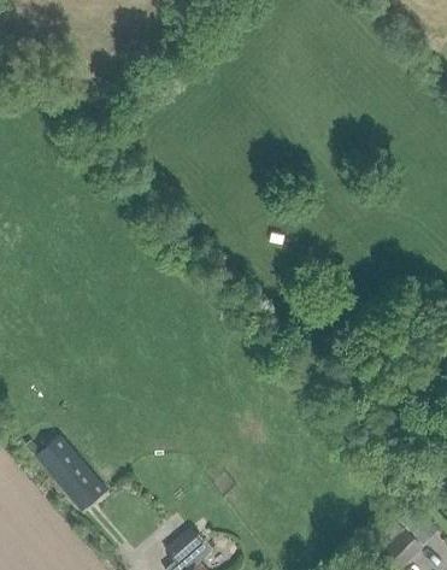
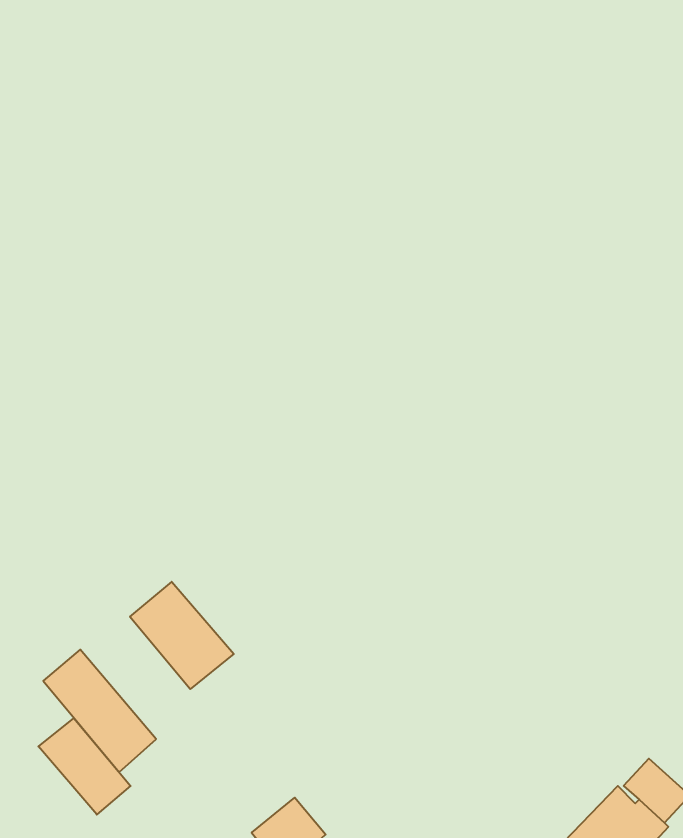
building: none -> [130,582,234,689]
building: none -> [38,718,131,815]

